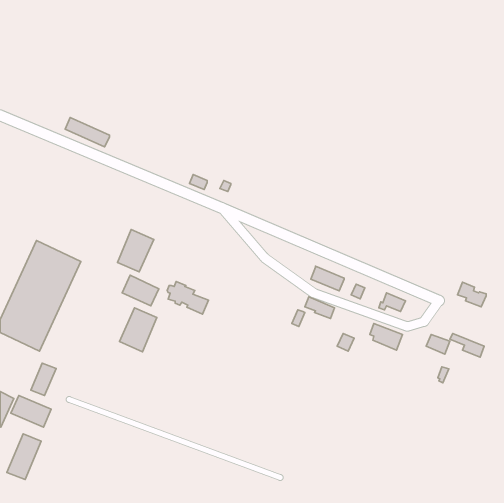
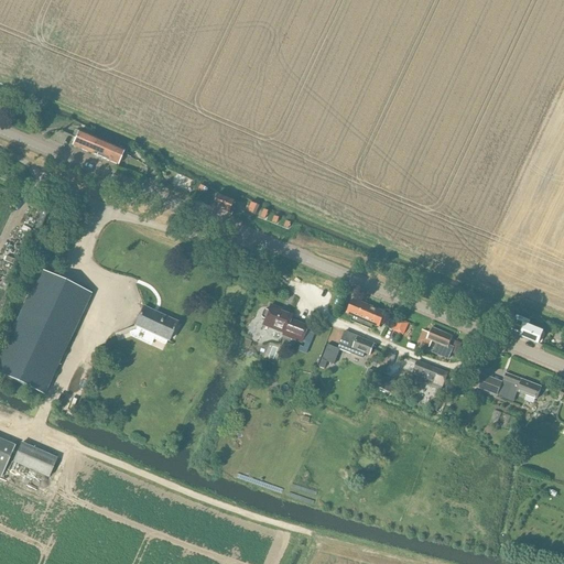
building: [118,229,154,272] -> none
building: [167,281,209,314] -> [261,305,307,341]
building: [120,308,157,352] -> none
building: [31,363,56,396] -> none
building: [7,434,41,480] -> none

